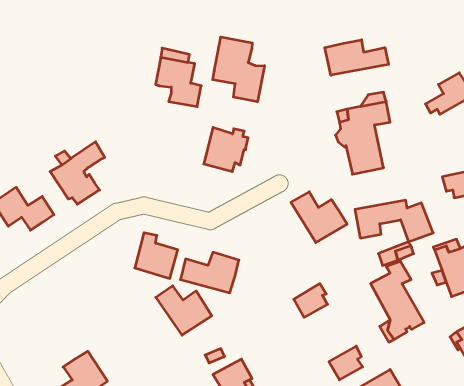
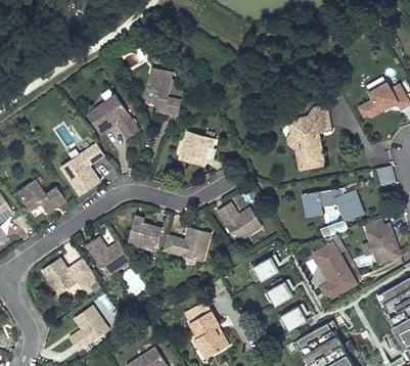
building: [213,37,265,102] -> none
building: [325,40,389,75] -> none
building: none -> [89,97,137,138]
building: [291,192,347,243] -> [219,202,263,242]
building: [156,286,212,335] -> [88,236,132,275]
building: none -> [43,259,96,295]
building: none -> [267,278,293,305]

